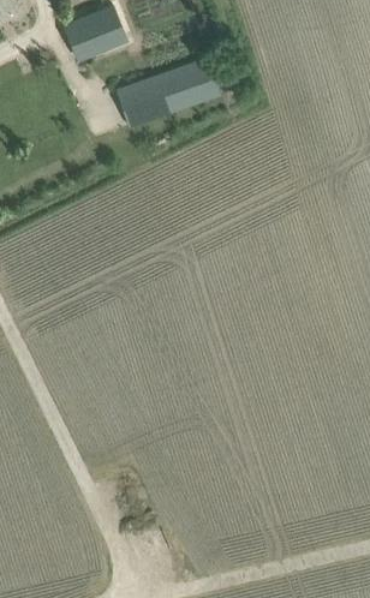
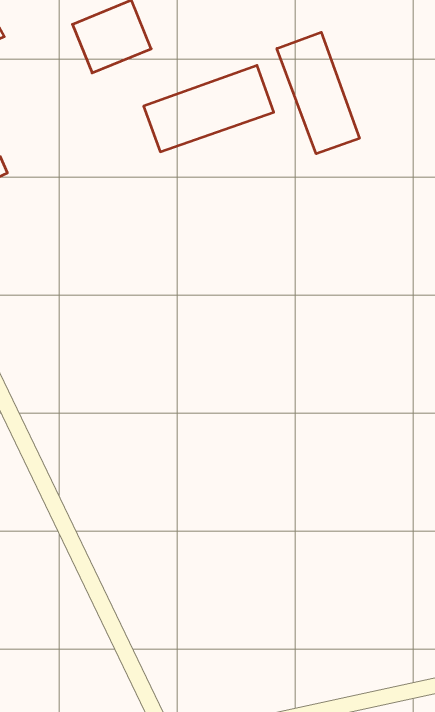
building: none -> [277,32,359,154]

